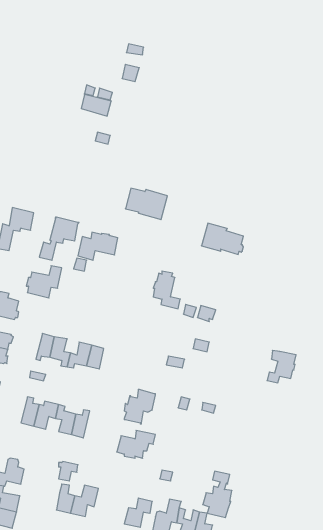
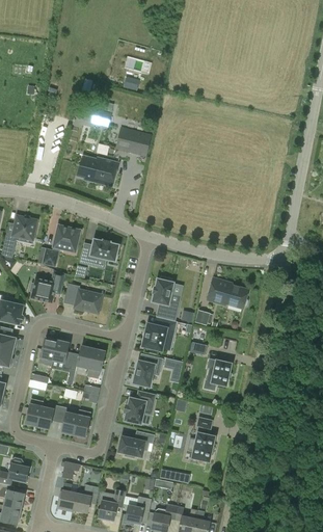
building: none -> [114,126,150,156]
building: [125,188,167,220] -> [77,156,117,186]
building: [201,223,243,254] -> [207,277,247,308]
building: none -> [64,283,102,313]
building: none -> [141,318,176,350]
building: [267,350,296,383] -> [203,358,231,390]
building: none -> [132,355,162,387]
building: [203,471,232,518] -> [186,417,214,461]
building: none -> [97,488,125,521]

